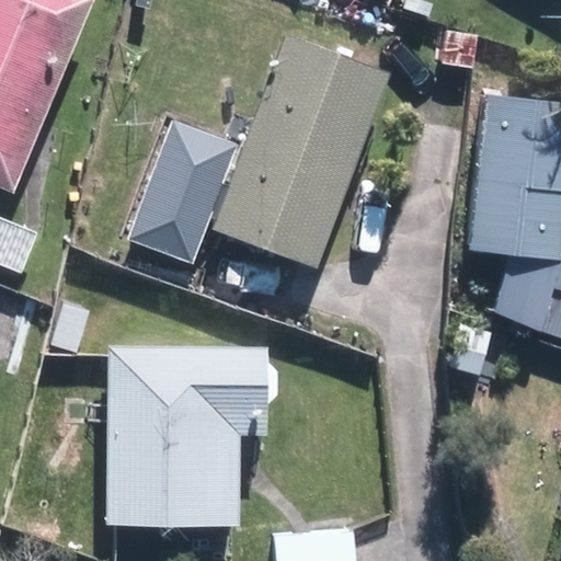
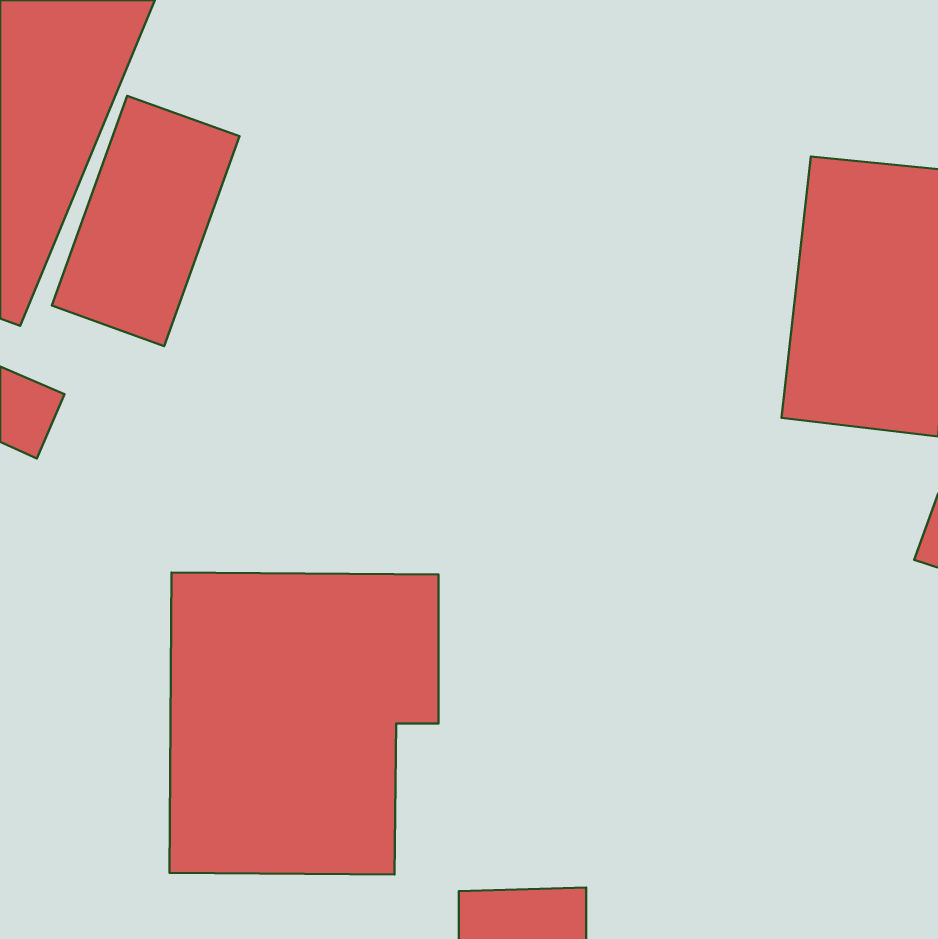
building: [211,36,389,270] -> none
building: [126,116,238,265] -> [52,96,240,346]

